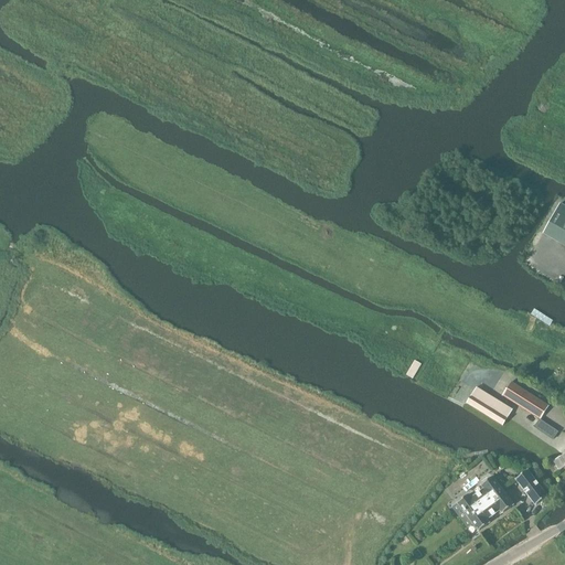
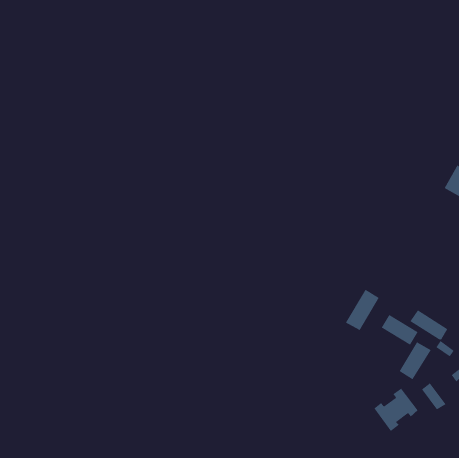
building: none -> [345,289,379,331]
building: none -> [399,342,431,380]

